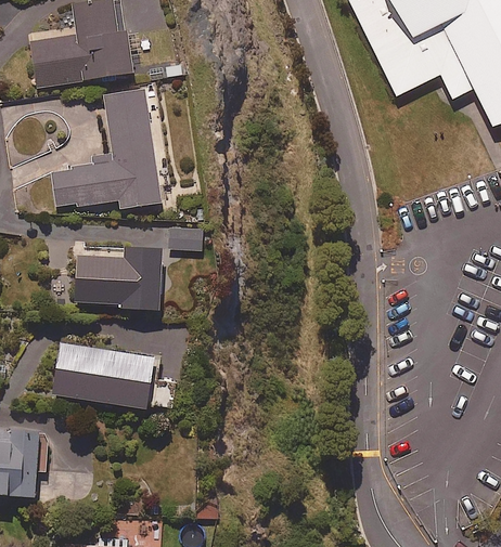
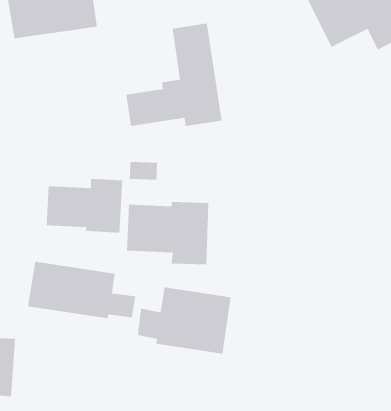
building: [51,89,163,208] -> [126,23,223,127]
building: none -> [127,201,209,265]
building: none -> [137,287,231,355]

